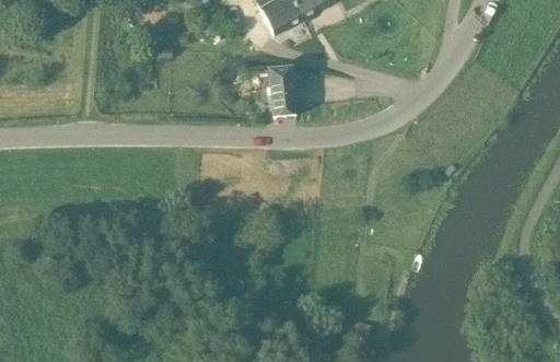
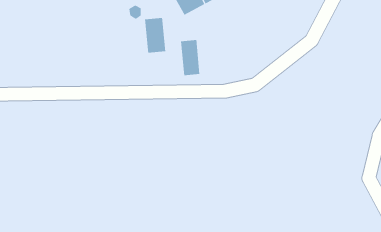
building: none -> [144,17,166,53]

